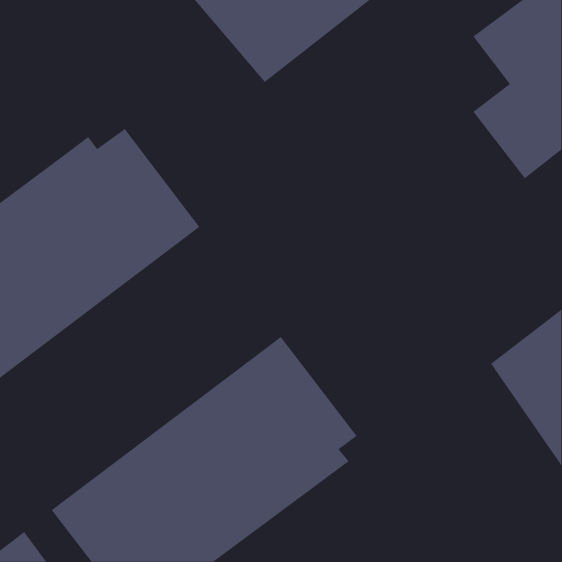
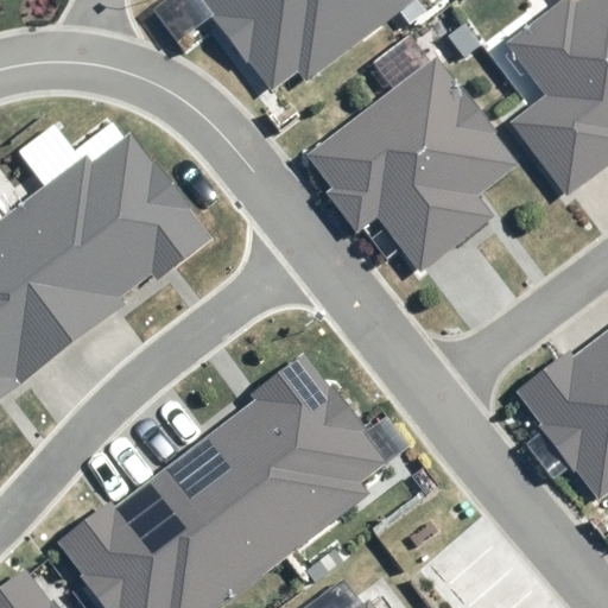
building: none -> [308,59,515,266]

